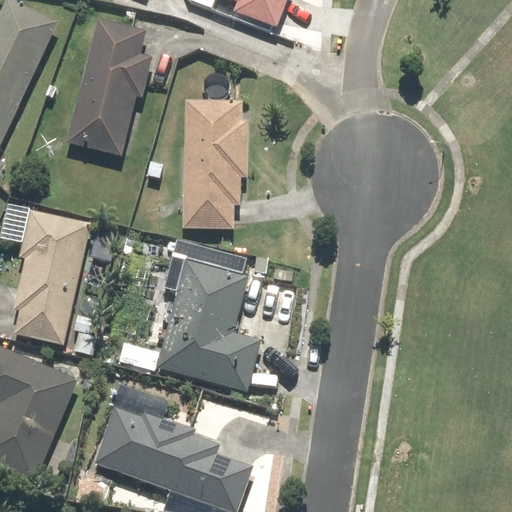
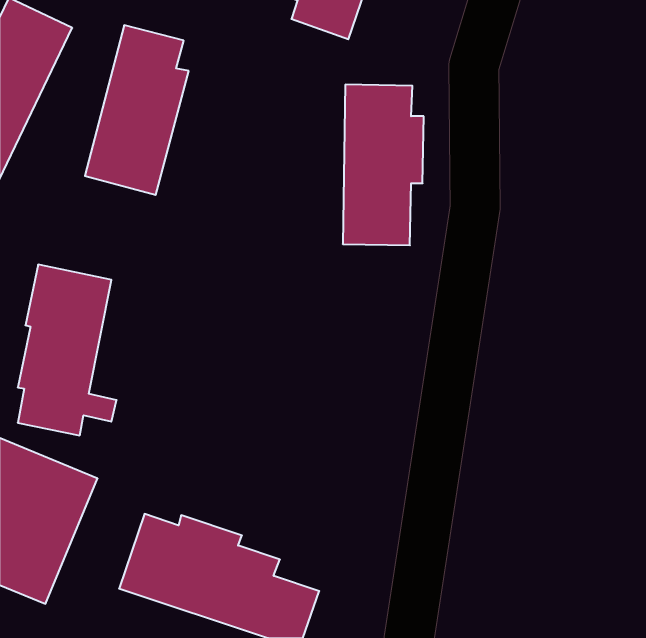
building: [182,99,246,226] -> [343,85,424,245]
building: [157,257,263,393] -> none

